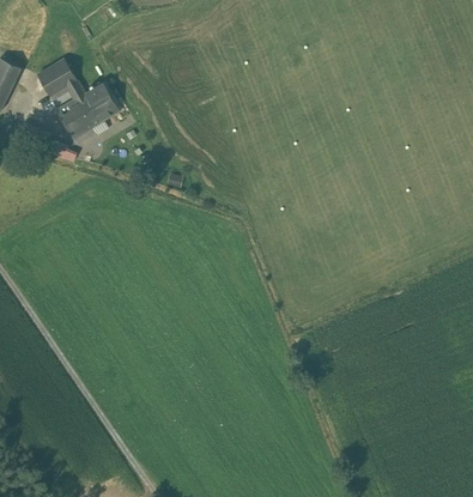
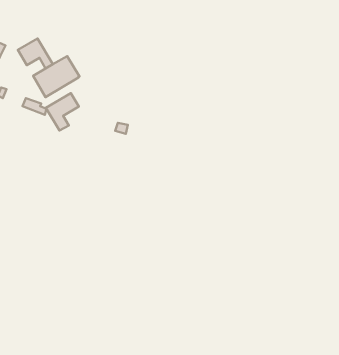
building: none -> [46,93,79,131]

